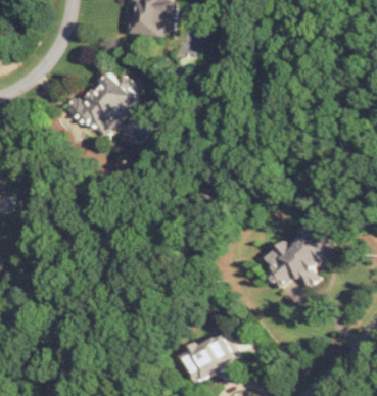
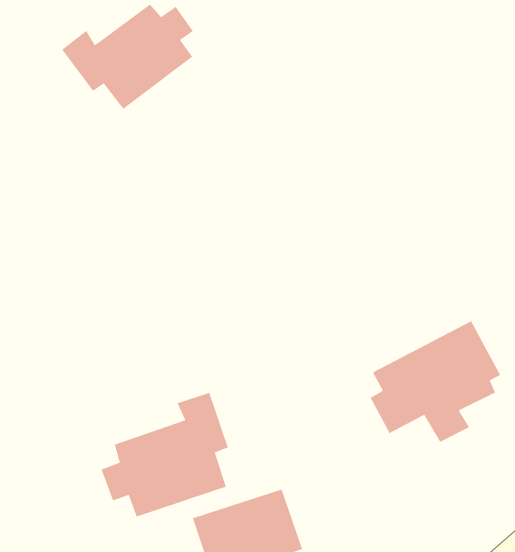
building: none -> [100,392,229,517]

